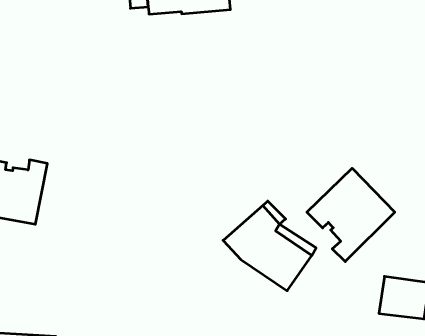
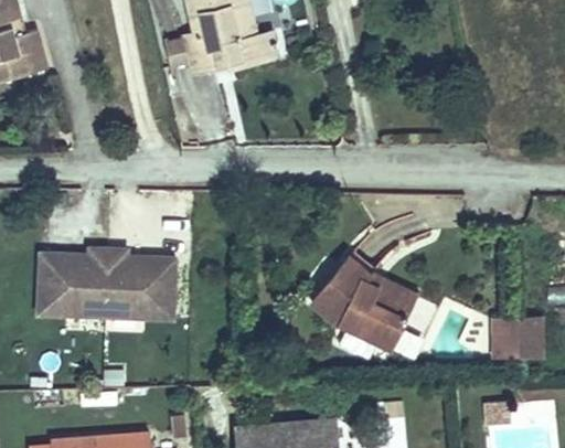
building: none -> [107,249,177,319]
building: [307,168,395,262] -> none

